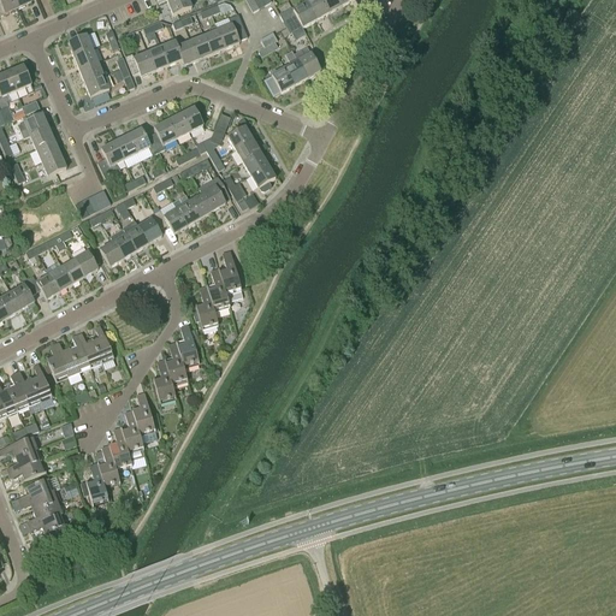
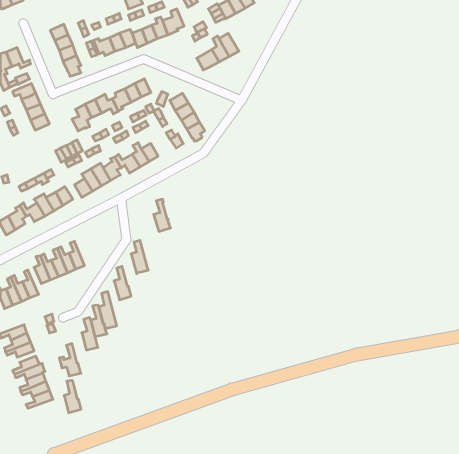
building: [197,173,230,209] -> none
building: [218,249,242,300] -> none
building: [191,284,217,328] -> none
building: [164,340,188,384] -> none
building: [97,444,120,487] -> [64,380,81,413]

